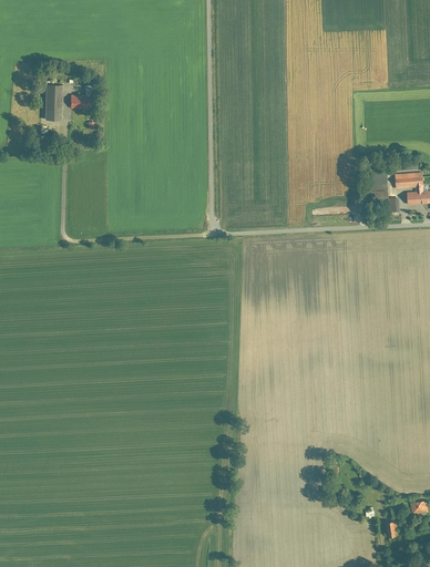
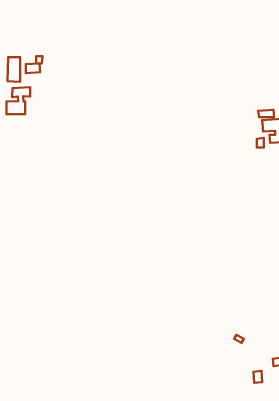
building: none -> [6,87,30,114]

